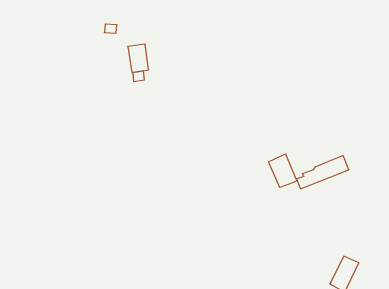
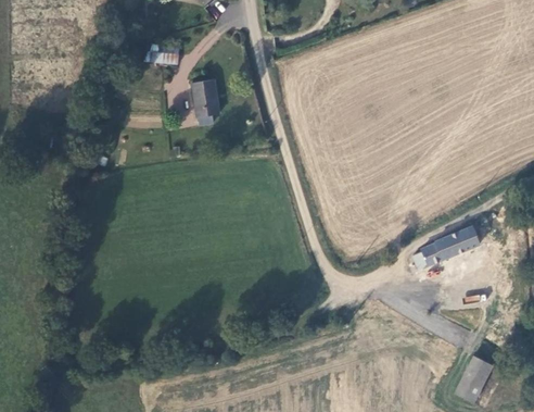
building: [268,154,297,187] -> none

